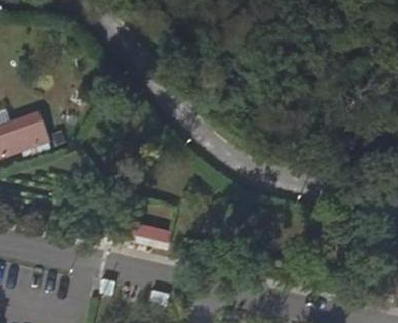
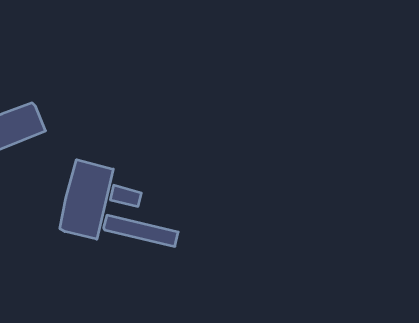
building: none -> [60,160,113,239]

